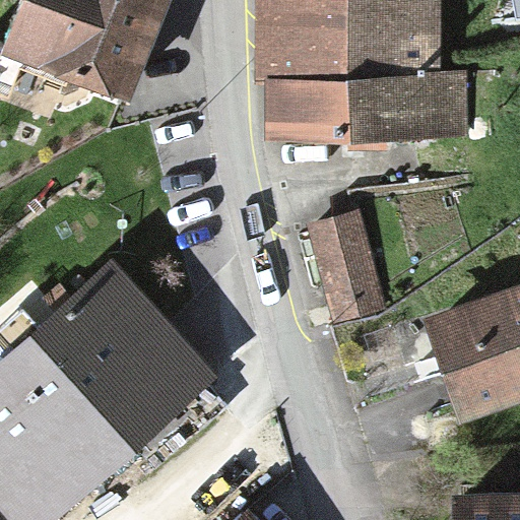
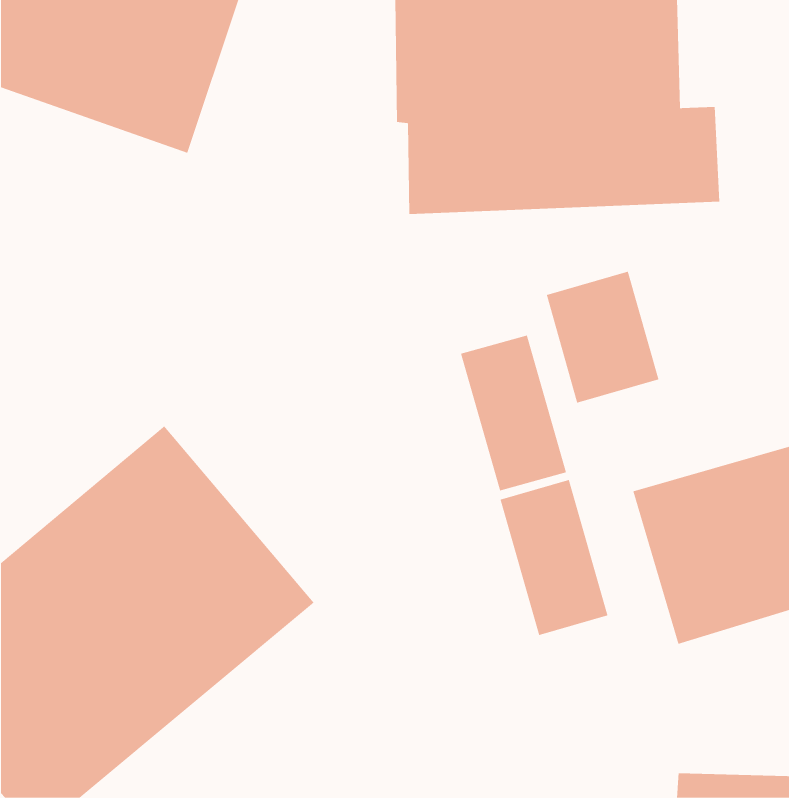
building: none -> [546,271,659,403]
building: none -> [500,479,608,636]

